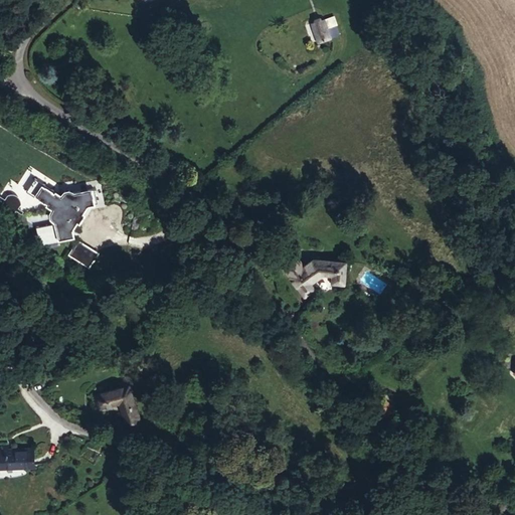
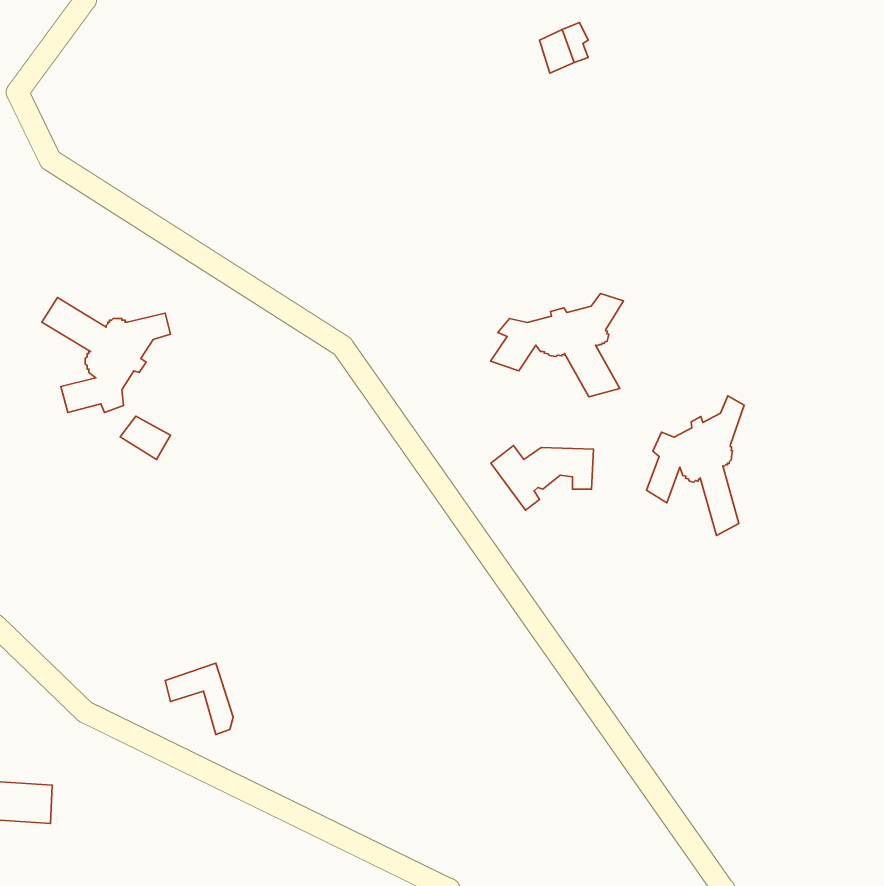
building: none -> [490,293,623,397]
building: none -> [647,396,744,535]

